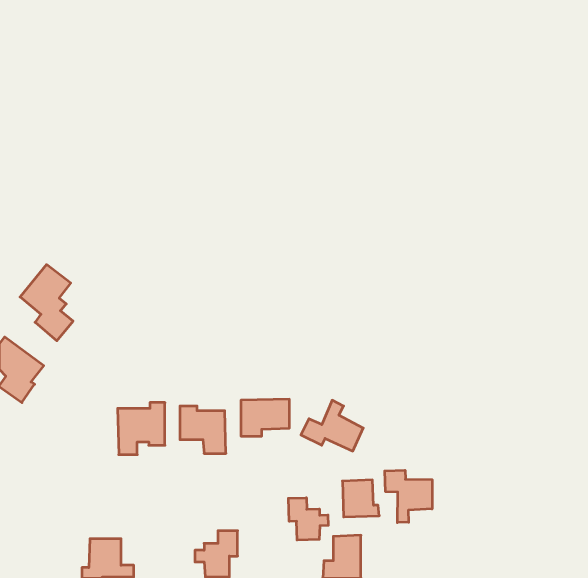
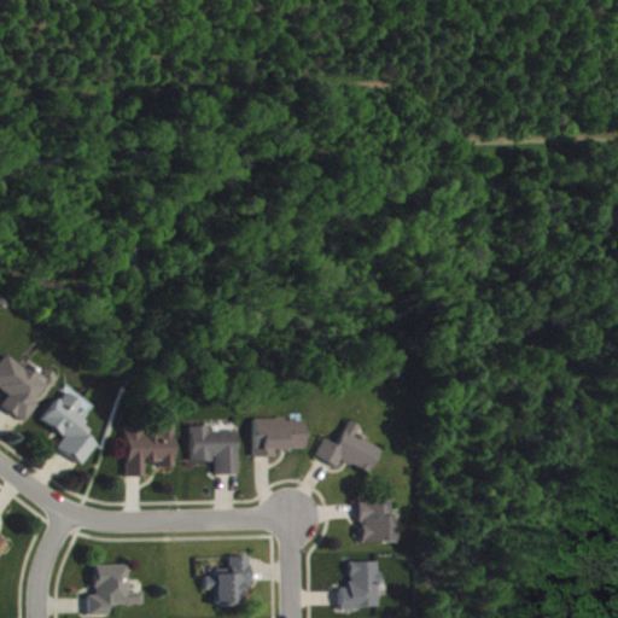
building: [20,265,73,341] -> [40,385,95,465]
building: [385,470,432,523] -> none
building: [288,498,328,540] -> none

